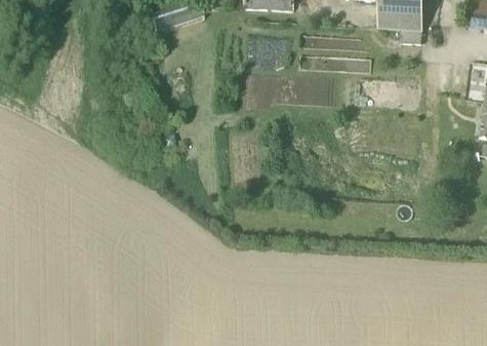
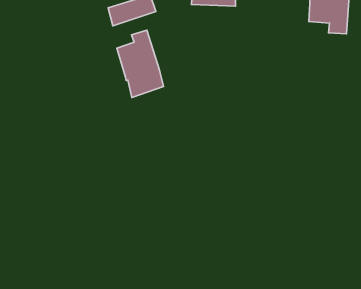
building: none -> [117,30,163,97]

